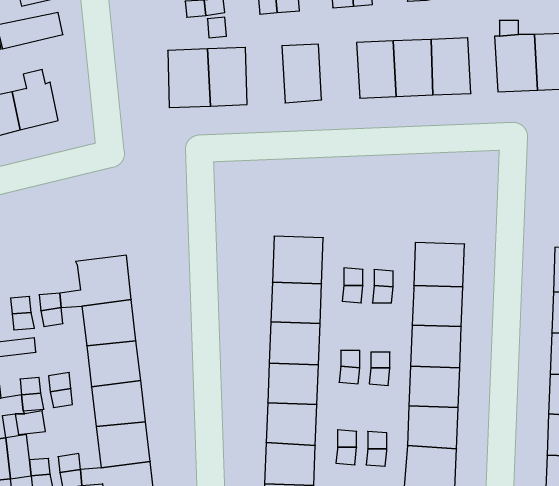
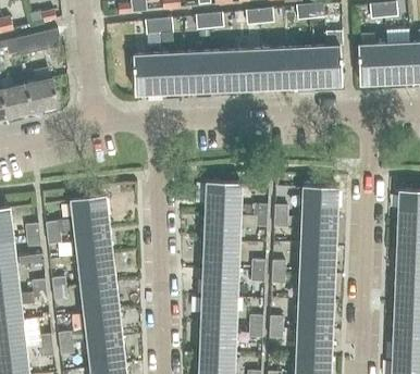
building: none -> [236,49,264,88]
building: none -> [186,51,213,91]

